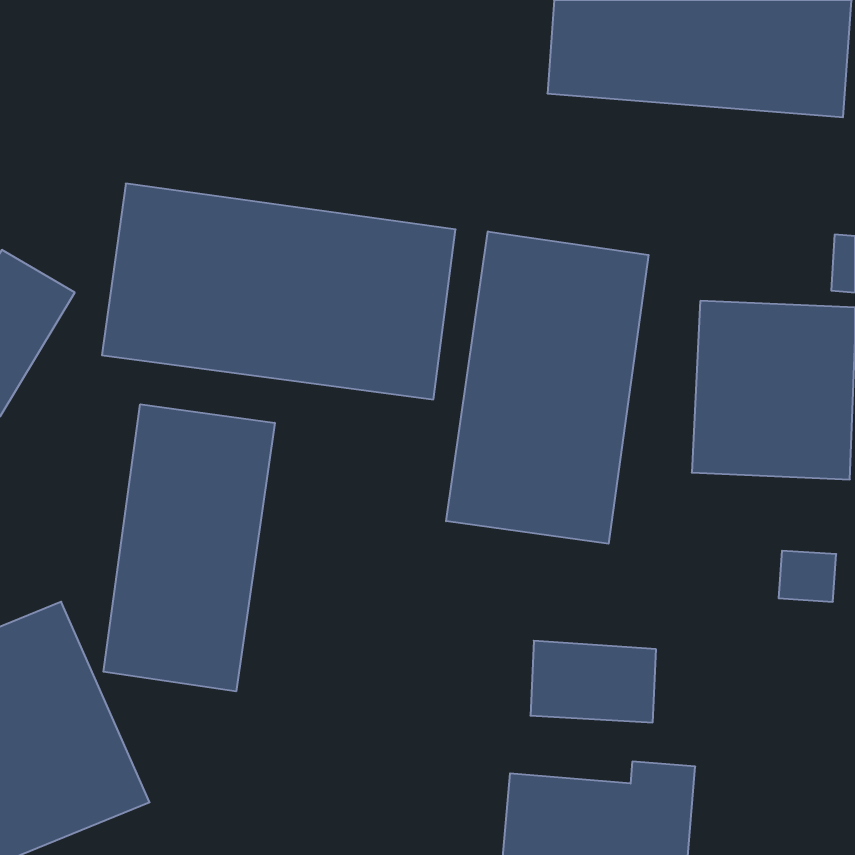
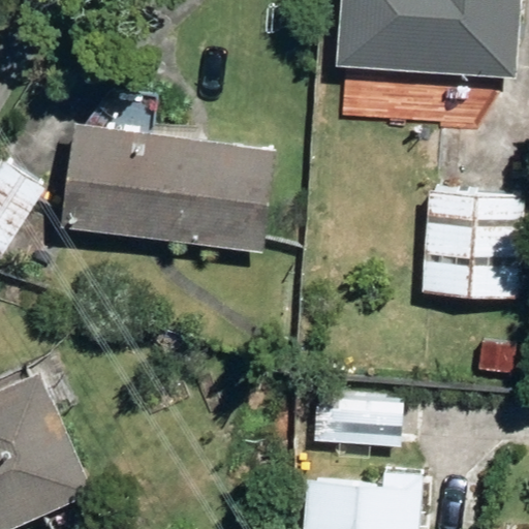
building: [446,231,649,544] -> none
building: [103,404,275,691] -> none

